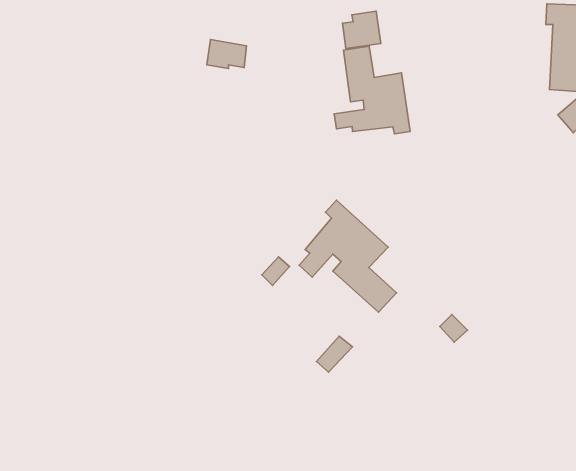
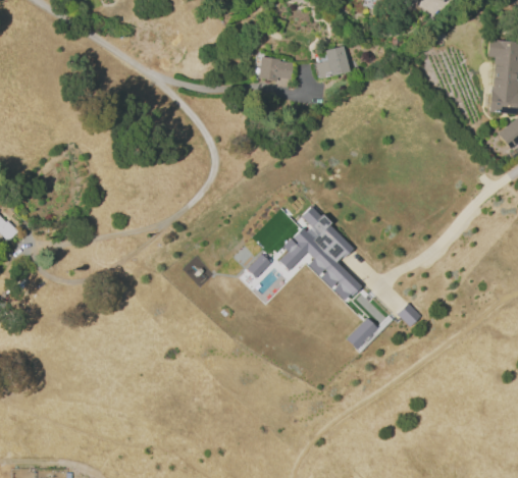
building: [207,40,247,69] -> [260,56,294,81]
building: [334,46,410,134] -> none
building: [316,336,353,372] -> [348,318,378,349]

